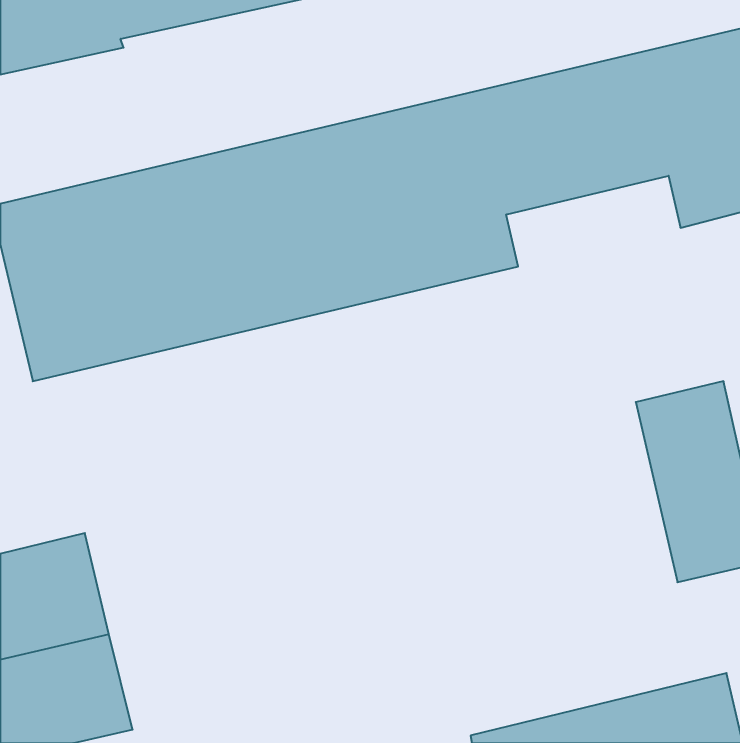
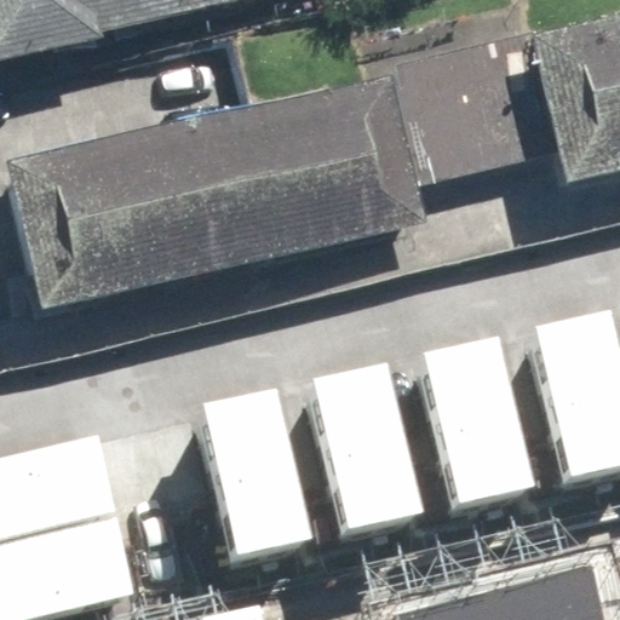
building: none -> [424,337,529,499]
building: none -> [312,363,418,527]
building: none -> [200,386,305,550]

